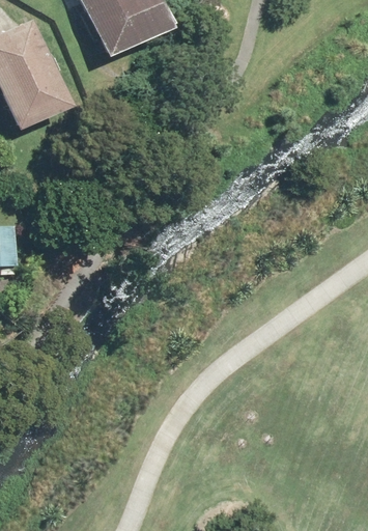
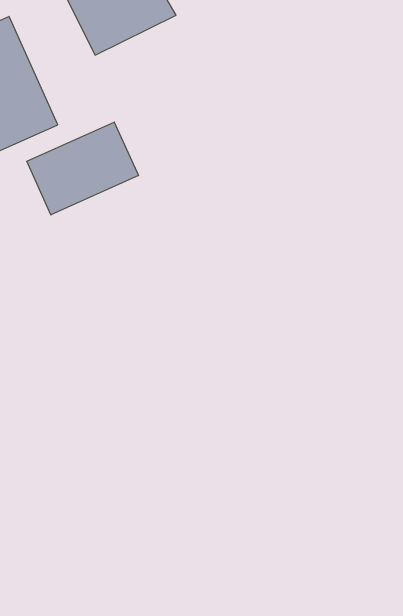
building: none -> [27,122,138,215]

